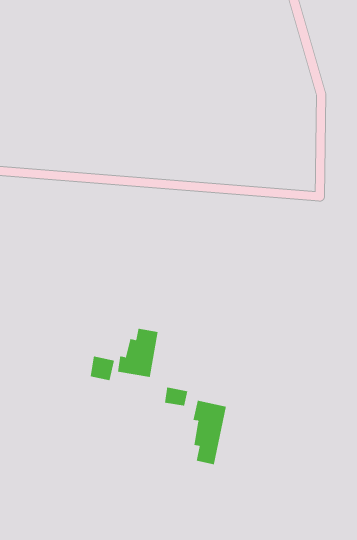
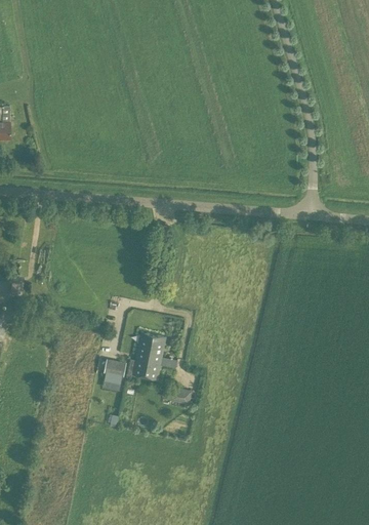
building: [193,400,227,465] -> none

